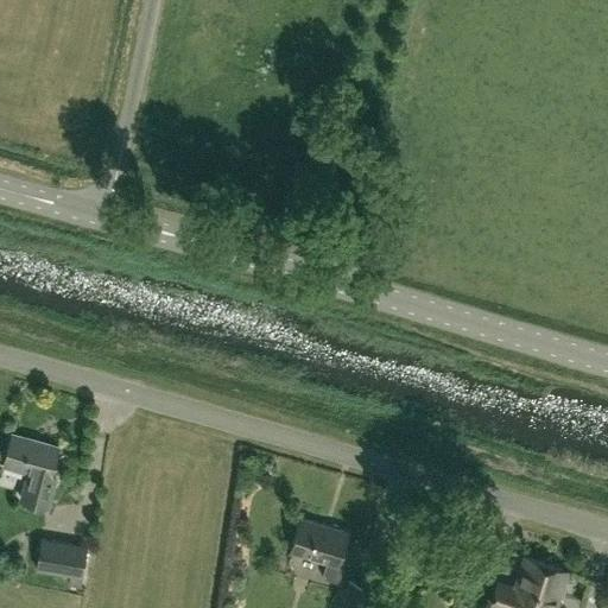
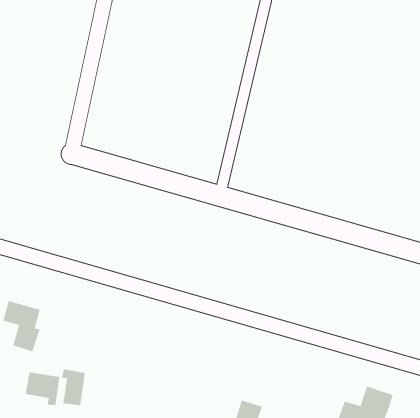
building: [291,520,348,585] -> none
building: none -> [61,369,86,406]

